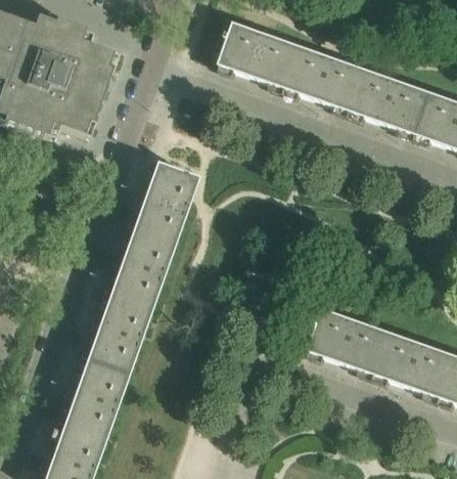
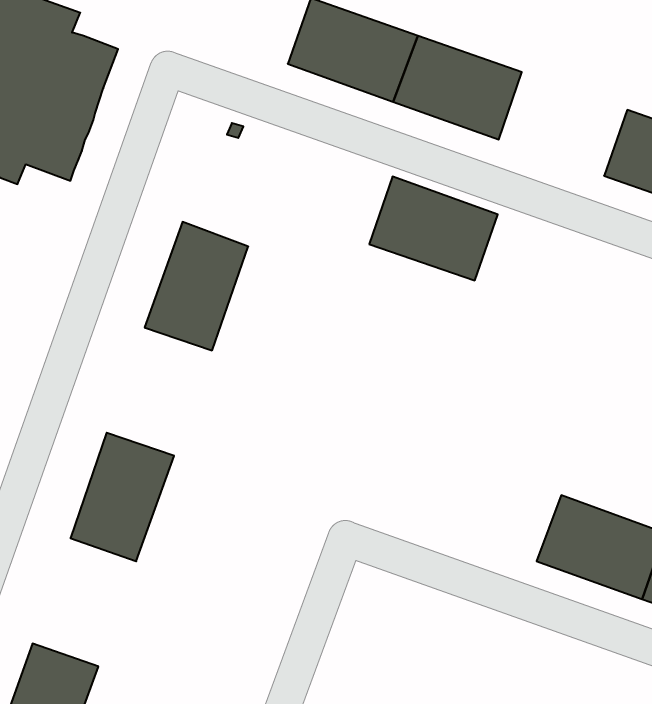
building: [353,69,432,133] -> [369,177,498,280]
building: [109,227,175,307] -> none
building: [311,308,392,373] -> none
building: [63,358,128,438] -> none

